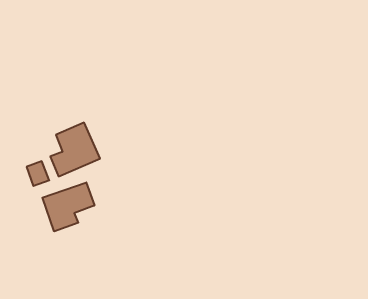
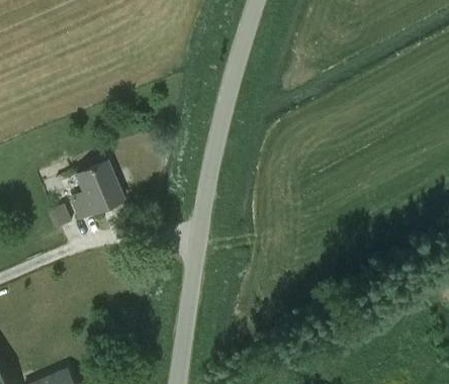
building: [42,182,94,231] -> none

